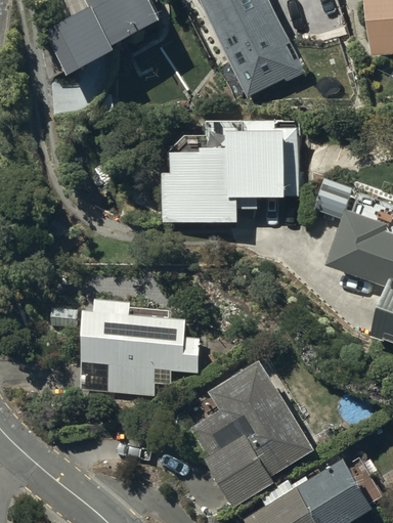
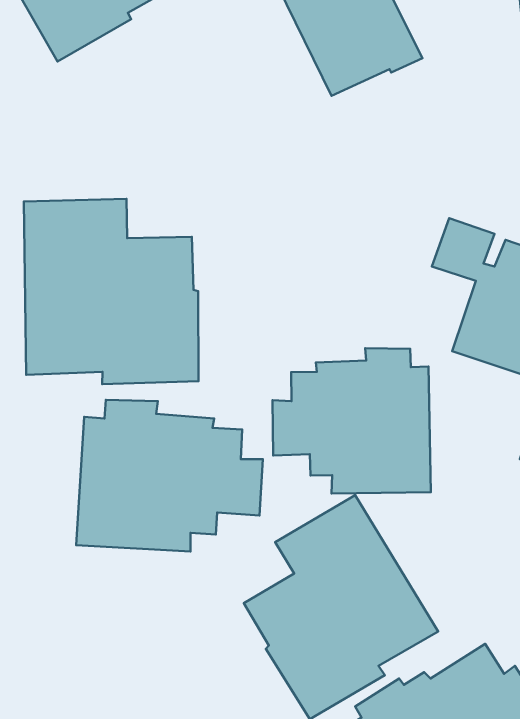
building: [161,120,299,222] -> none
building: none -> [24,199,198,384]
building: none -> [272,348,431,494]

